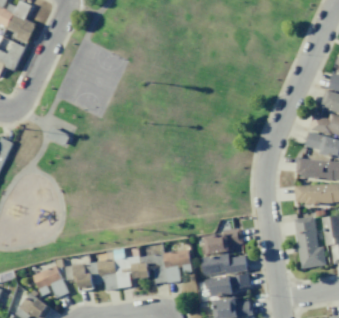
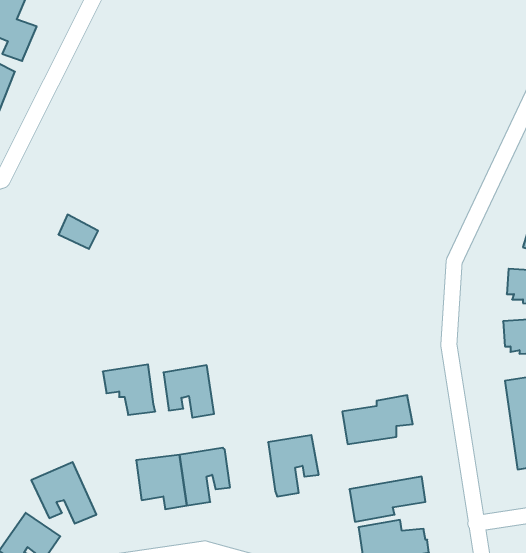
building: [200,253,247,276] -> none
building: [139,254,167,283] -> [163,365,214,418]
building: [65,264,94,292] -> [103,364,155,415]

